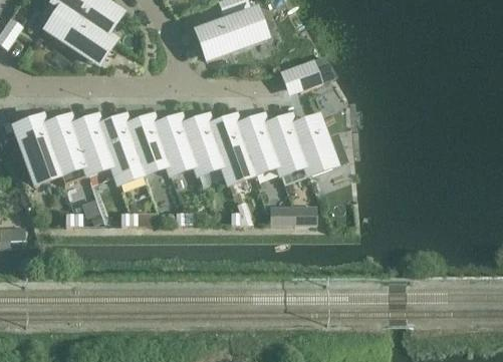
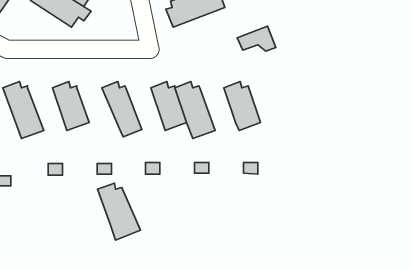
building: [43,118,84,173] -> none
building: [98,118,147,183] -> [98,183,140,240]
building: [154,118,195,172] -> none
building: [237,118,277,173] -> none
building: [292,118,334,173] -> none

